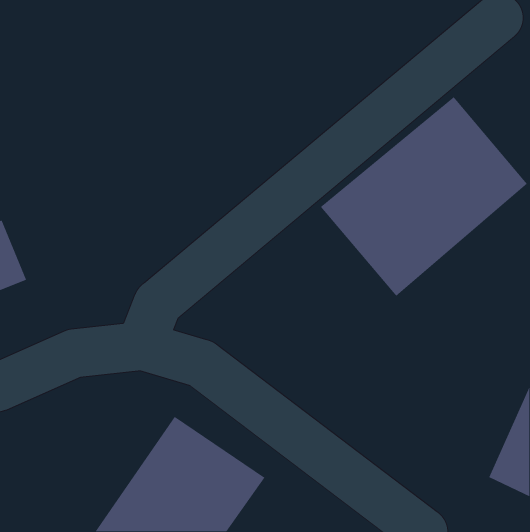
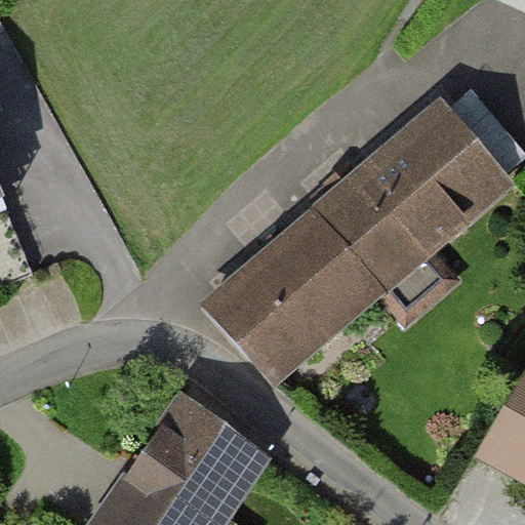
building: none -> [206,203,389,382]

